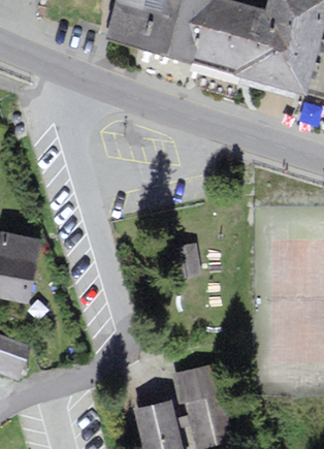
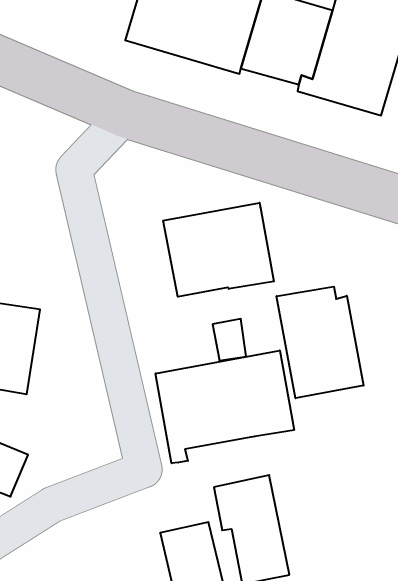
building: none -> [163,203,274,297]
building: none -> [277,287,364,398]
building: none -> [156,350,294,463]

